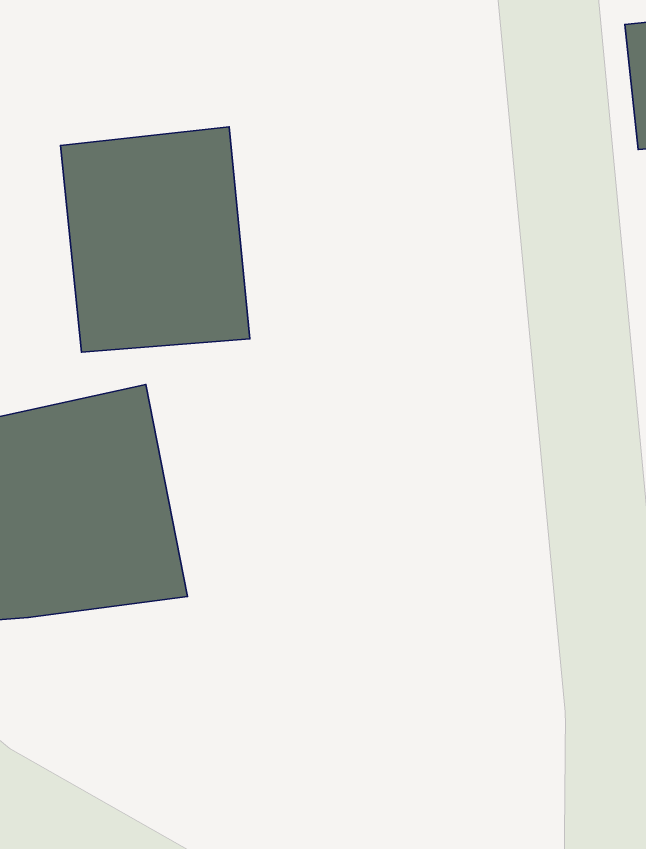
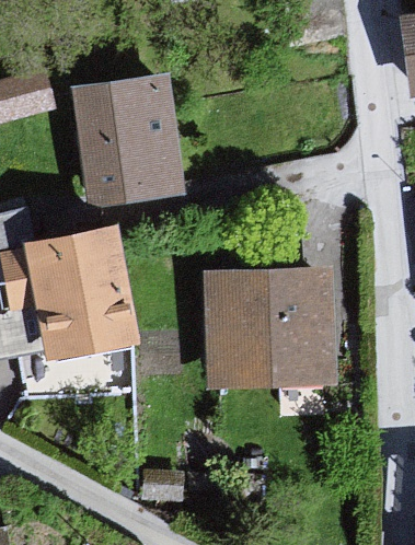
building: none -> [205,268,336,387]

